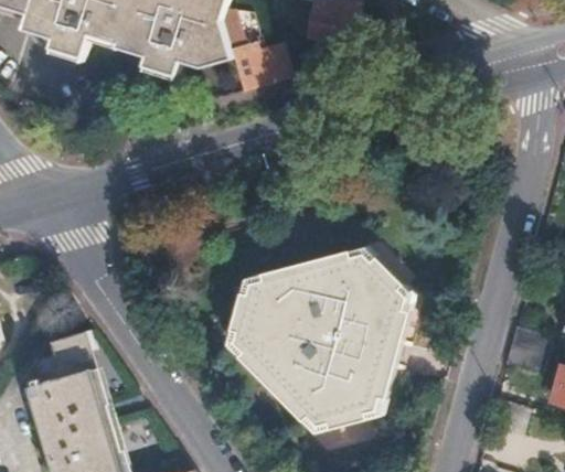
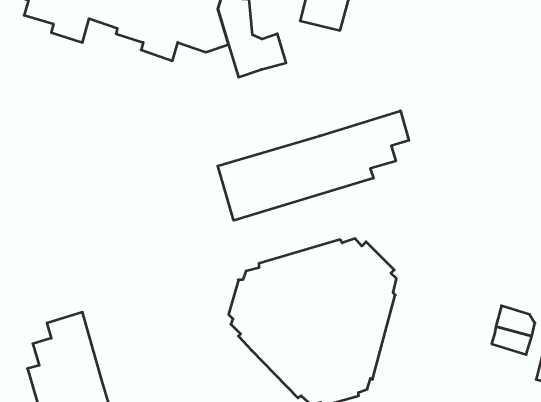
building: none -> [218,111,409,220]

